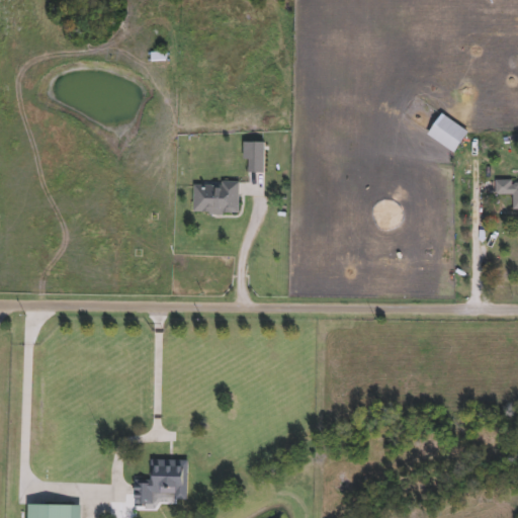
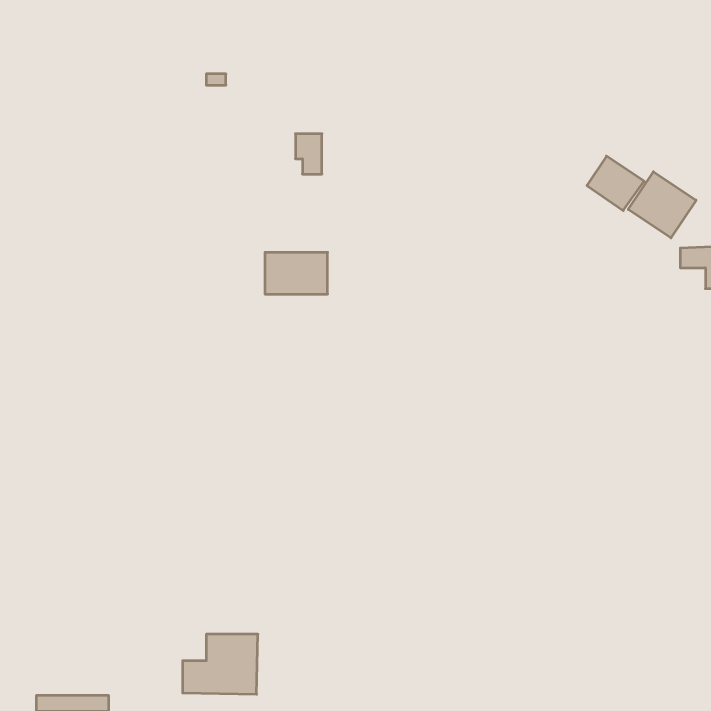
building: none -> [628,172,696,238]
building: [244,142,263,171] -> [295,134,322,174]

